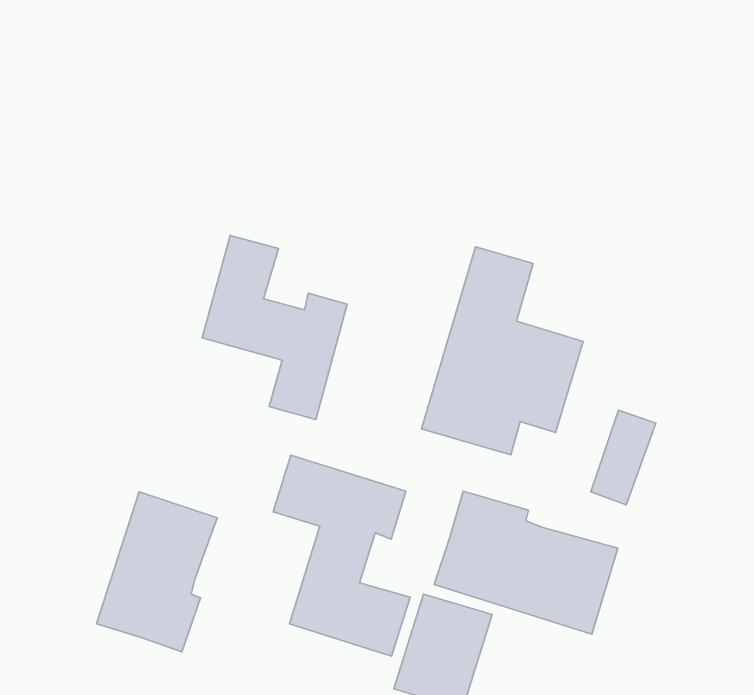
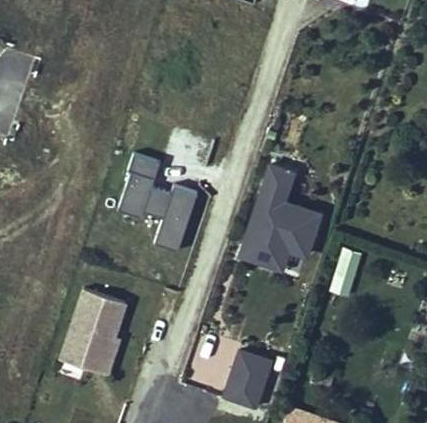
building: [273,455,410,656] -> none
building: [434,491,618,634] -> none

